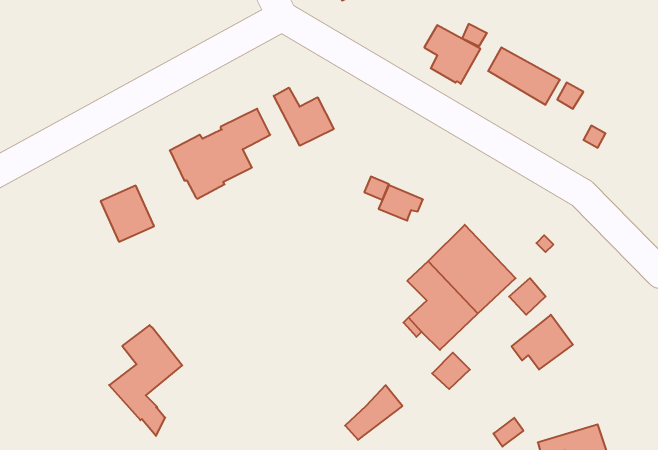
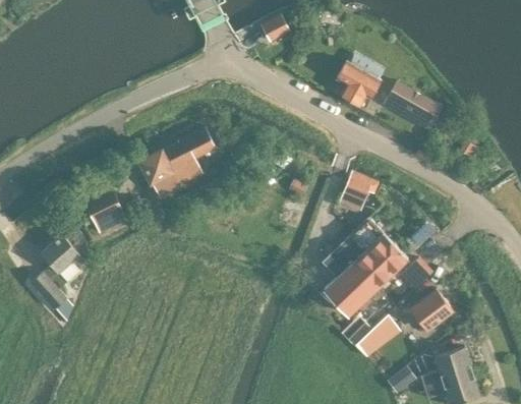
building: [274,88,334,146] -> none
building: [379,185,423,221] -> [342,173,377,200]
building: [109,325,182,436] -> [30,234,86,321]
building: [345,385,402,440] -> [355,314,400,357]
building: none -> [420,348,471,388]

